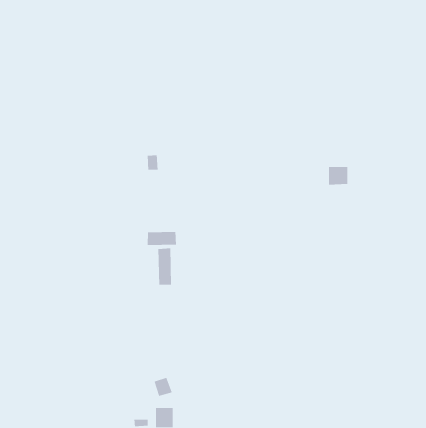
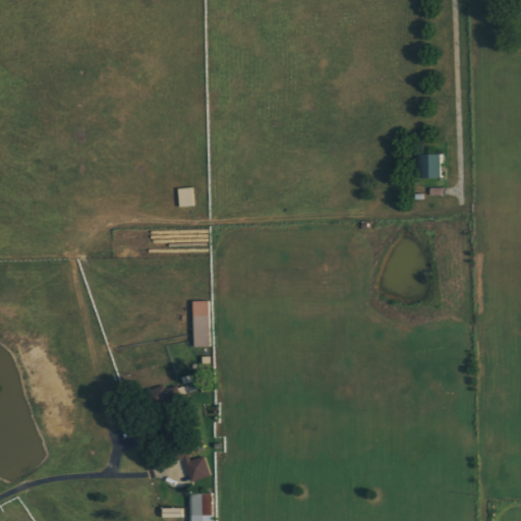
building: [328,166,348,185] -> [416,155,441,178]
building: [147,231,177,246] -> none

